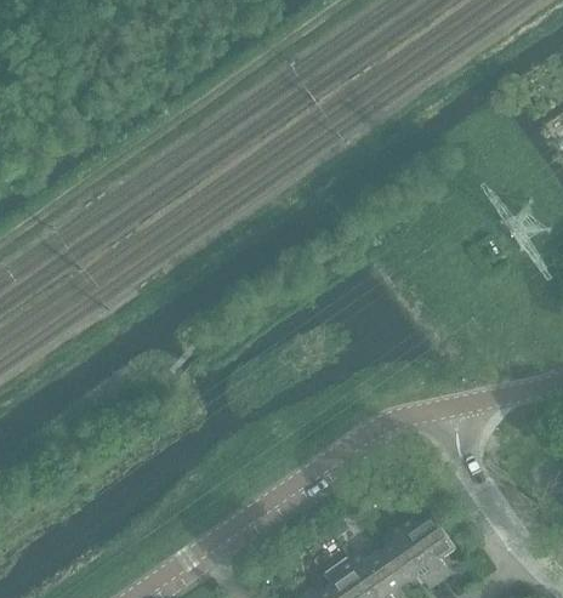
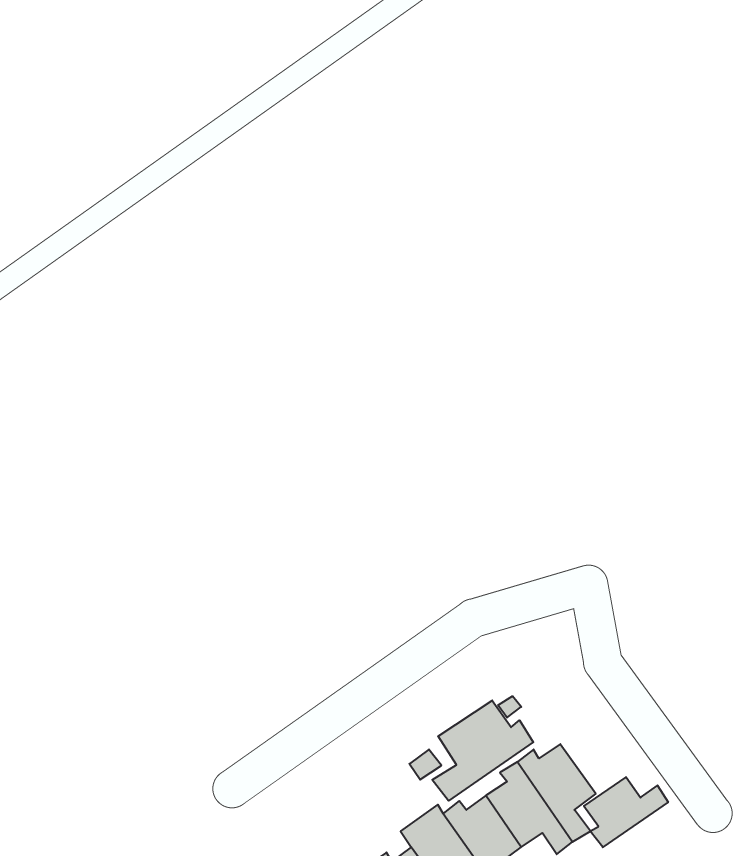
building: none -> [432,700,533,801]
building: none -> [584,777,668,847]

